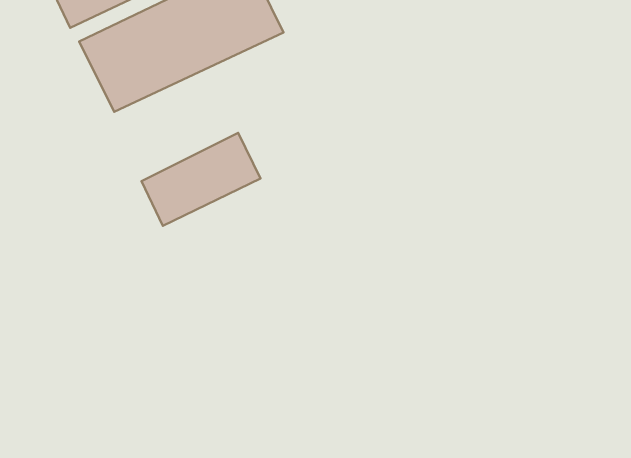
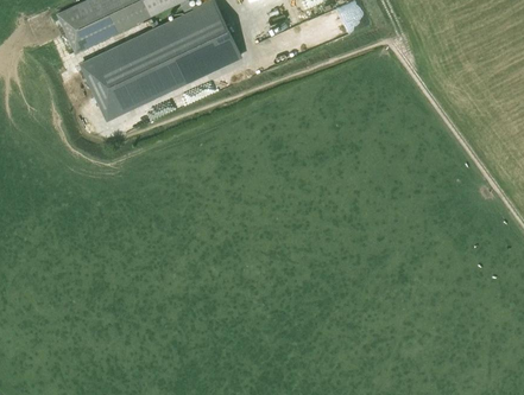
building: [142,133,261,226] -> none

